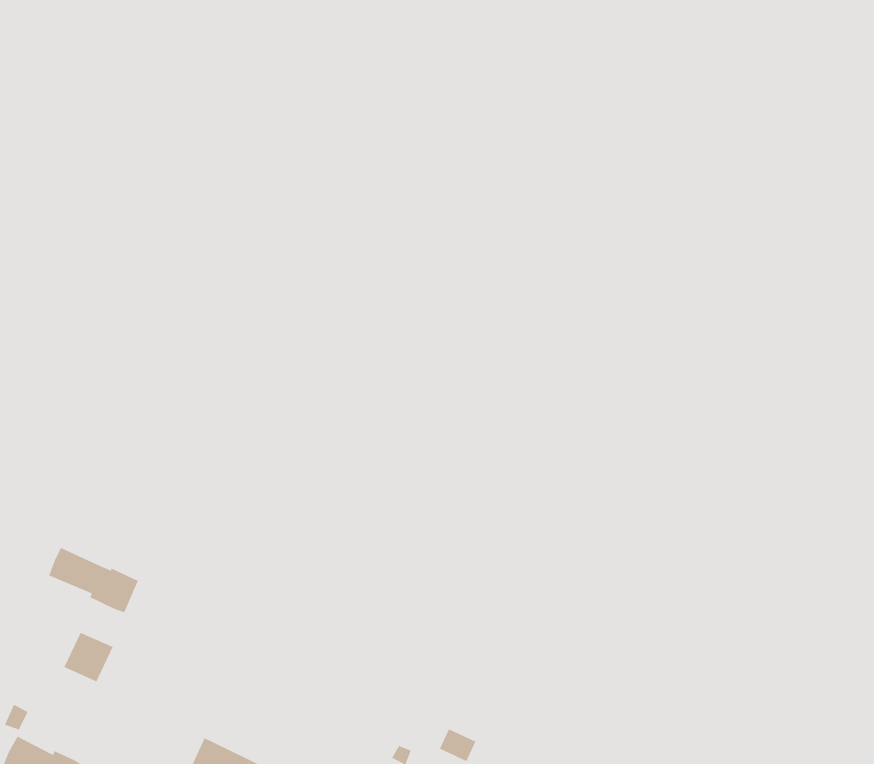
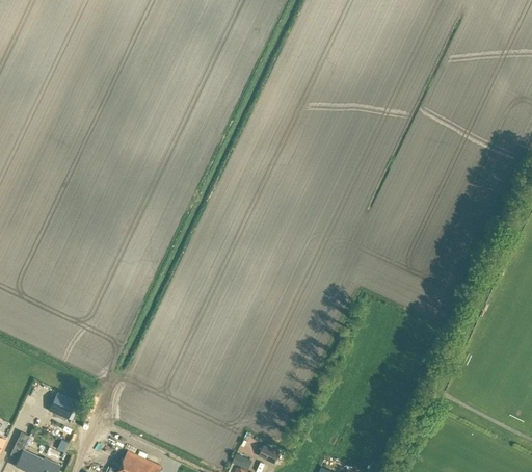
building: [49,547,139,613] -> none

